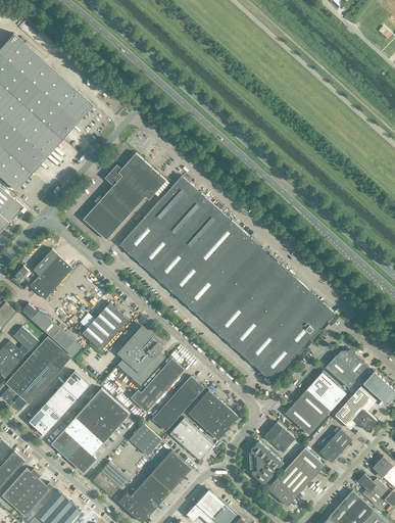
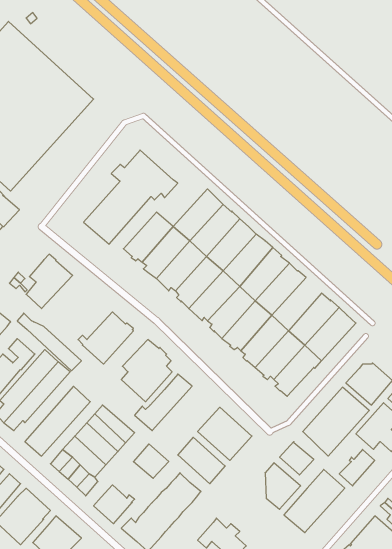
building: [150,176,197,224] -> none
building: [256,271,302,320] -> none
building: [151,376,204,431] -> none

